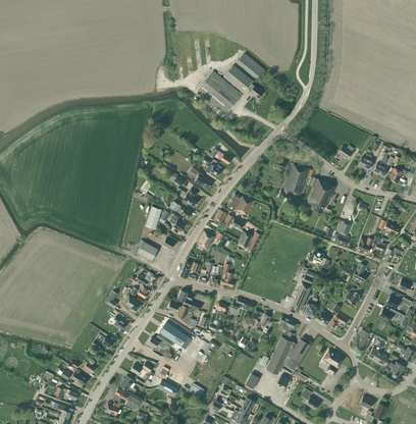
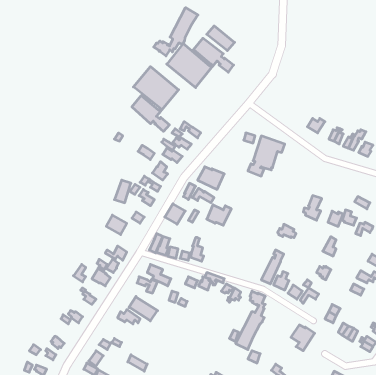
building: none -> [154,8,198,56]
building: none -> [132,67,179,131]
building: [306,176,334,213] -> none
building: [282,337,311,369] -> none

